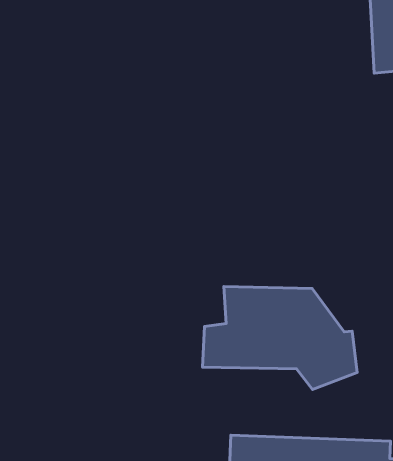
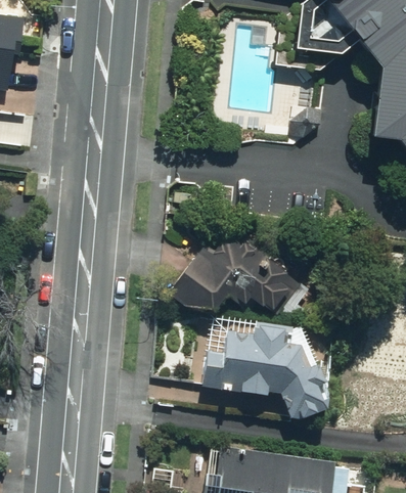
building: none -> [166,236,296,313]

